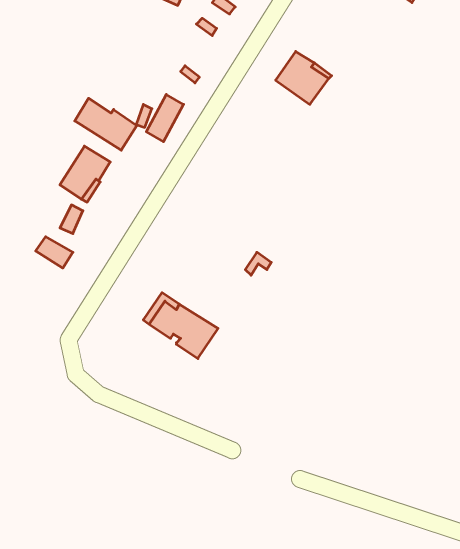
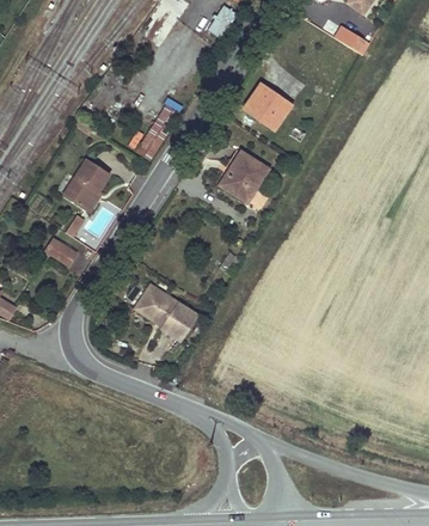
building: [75,98,137,150] -> none
building: none -> [220,151,268,201]

